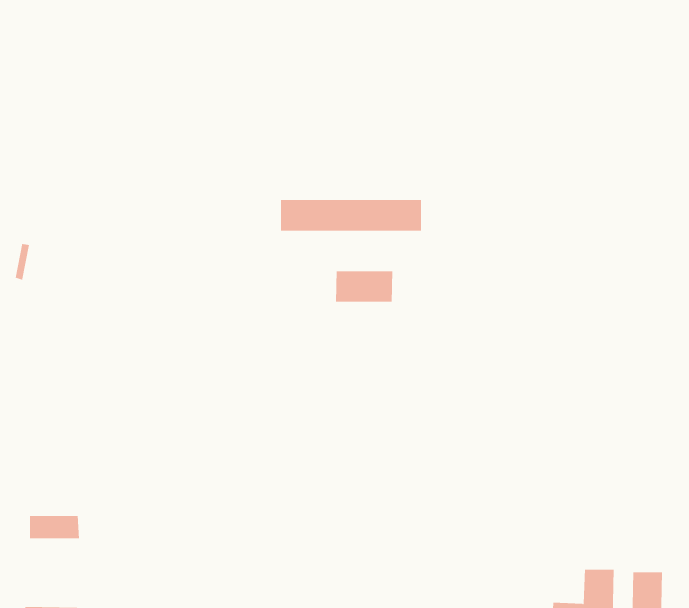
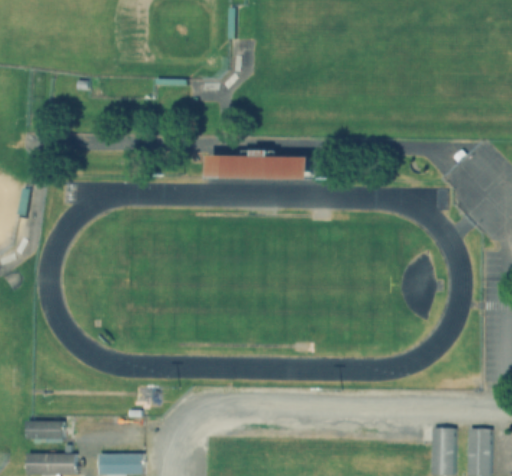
building: [336,271,393,303] -> none
building: [29,516,80,539] -> [27,422,64,439]

